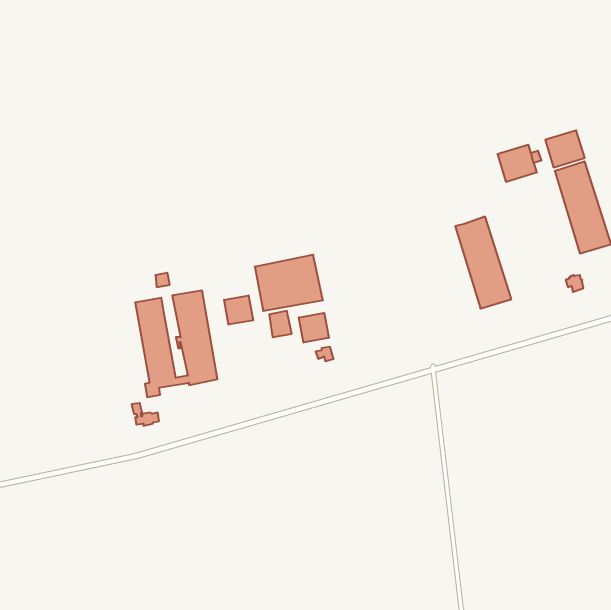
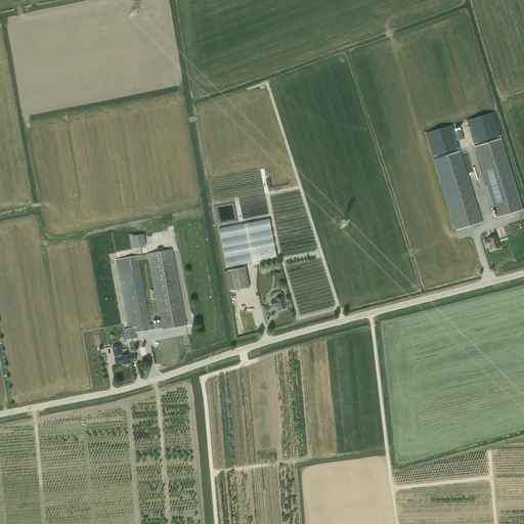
building: [455,217,511,309] -> [434,150,482,229]
building: [224,295,253,325] -> none
building: [299,313,329,343] -> none

